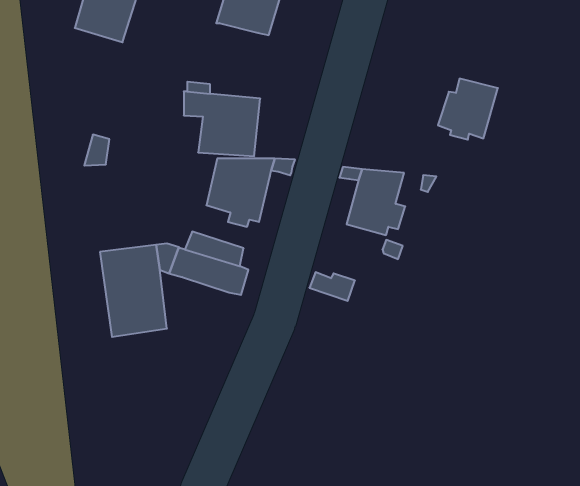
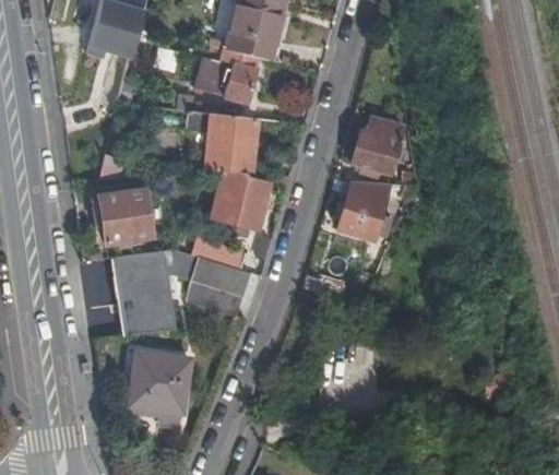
building: none -> [201,48,258,103]
building: [438,79,498,140] -> [350,120,405,176]
building: none -> [94,190,151,242]
building: none -> [182,280,231,314]
building: none -> [129,351,188,413]

